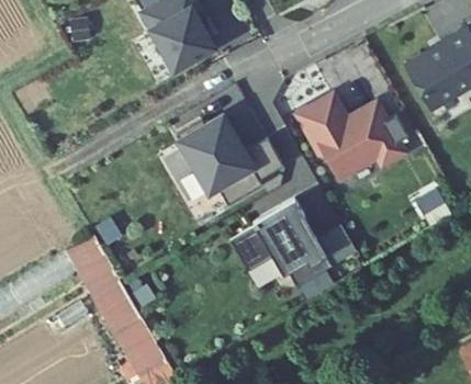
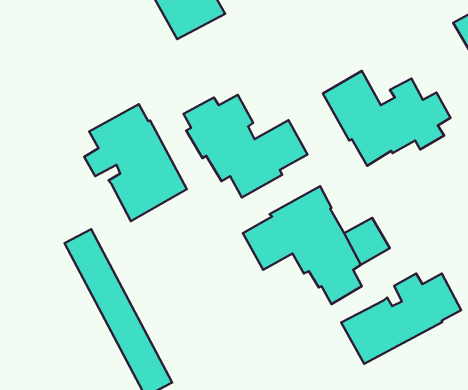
building: none -> [84,104,187,221]
building: none -> [341,274,461,364]

